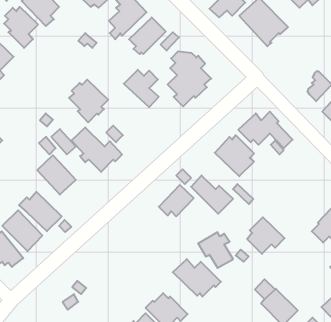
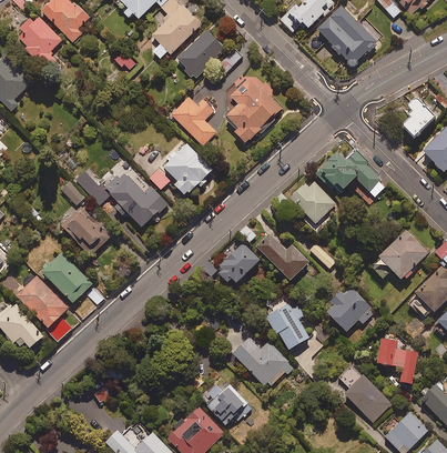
building: [69,80,108,122] -> [163,143,213,198]
building: none -> [370,230,428,279]
building: none -> [377,339,418,384]

